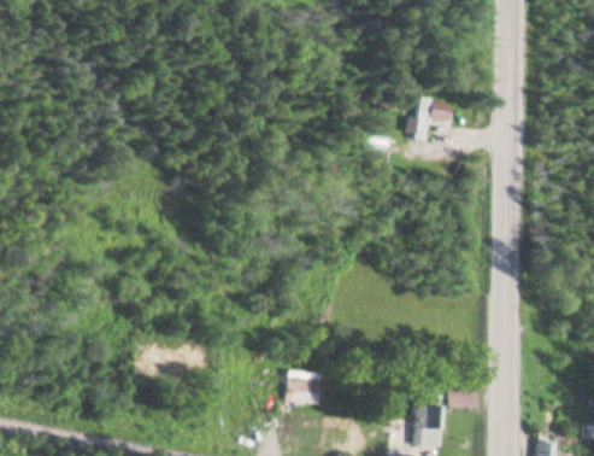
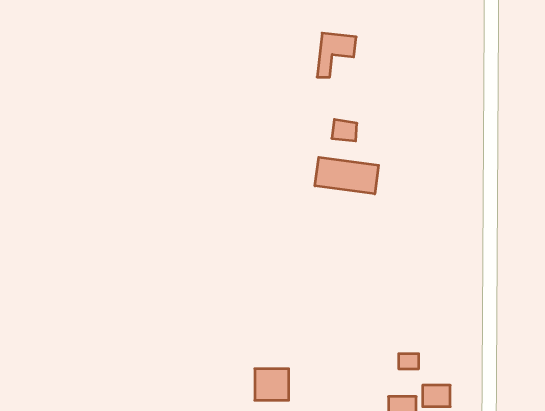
building: [412,99,449,141] -> [317,33,356,77]
building: none -> [315,157,379,194]

